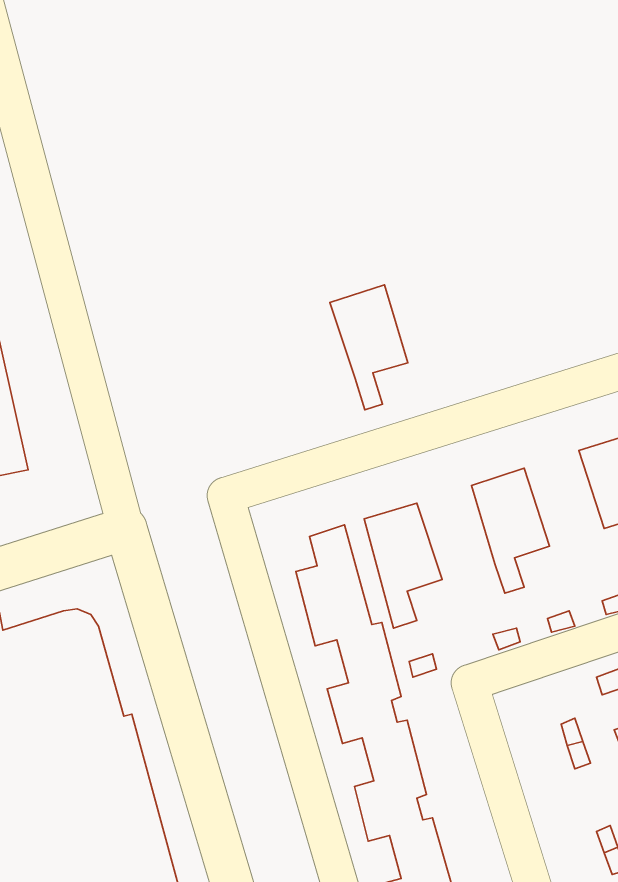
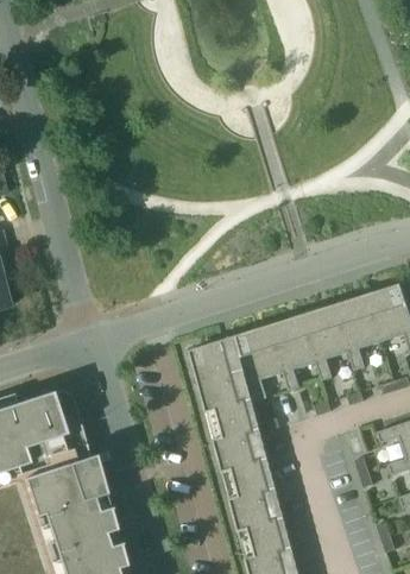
building: [330,285,408,410] -> [269,316,316,392]
building: none -> [334,295,383,371]

